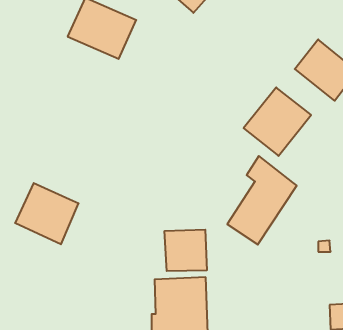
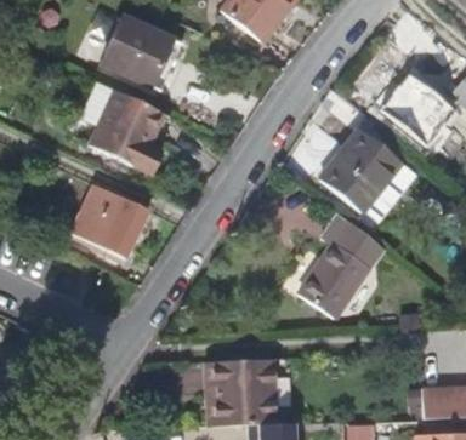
building: none -> [81,81,166,173]
building: [15,183,79,244] -> [73,185,148,258]
building: [165,230,207,271] -> none

